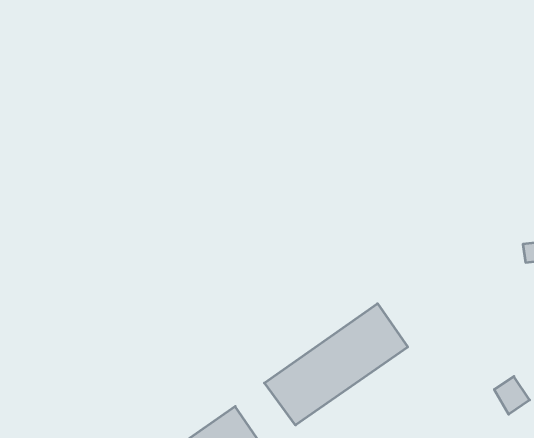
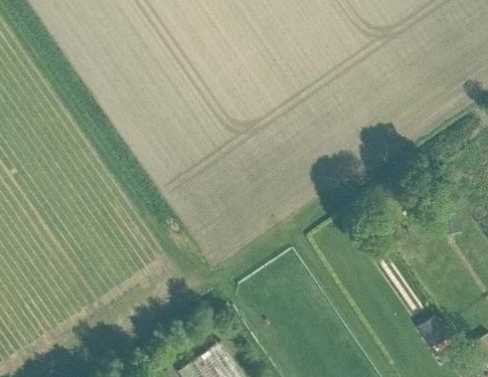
building: [264,304,408,425] -> none

